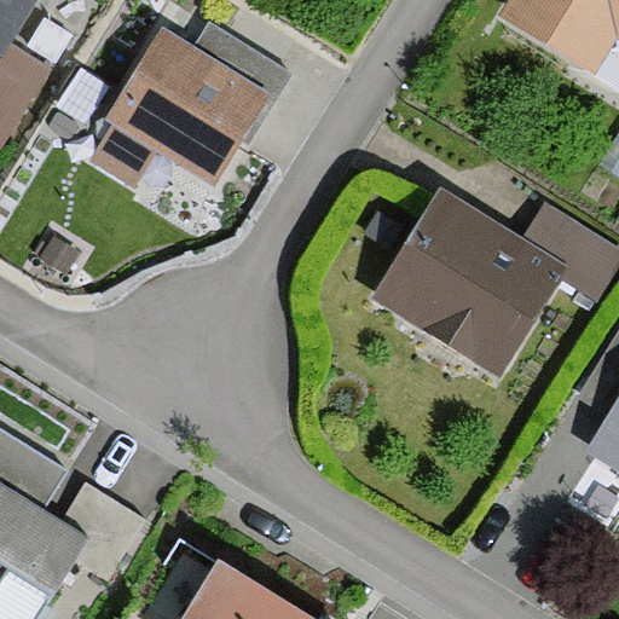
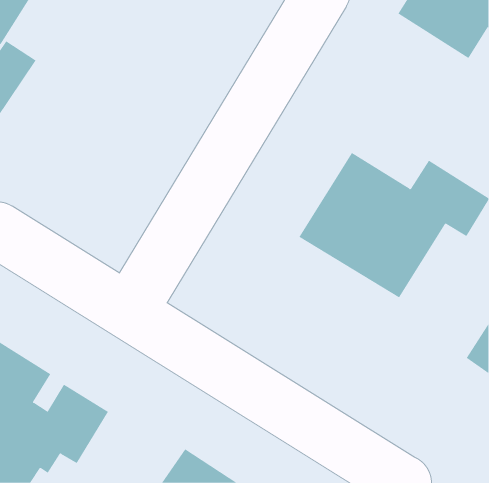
building: [82,21,285,186] -> none

